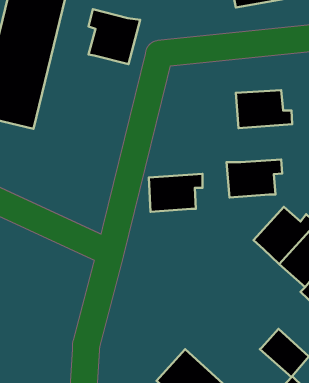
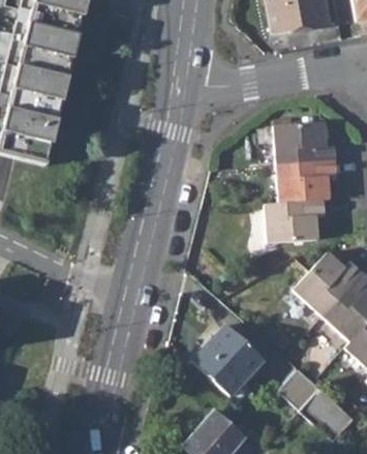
building: [88,9,140,64] -> none
building: [149,174,202,212] -> [276,159,336,202]
building: none -> [196,325,267,396]
building: none -> [280,368,320,408]

